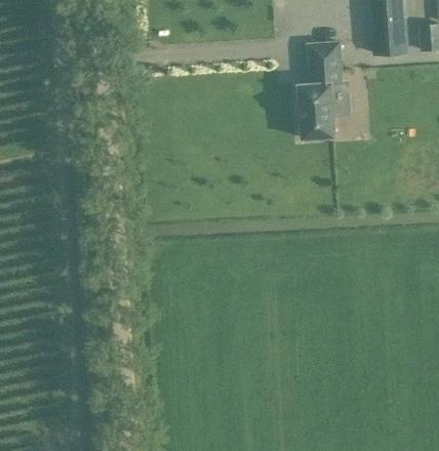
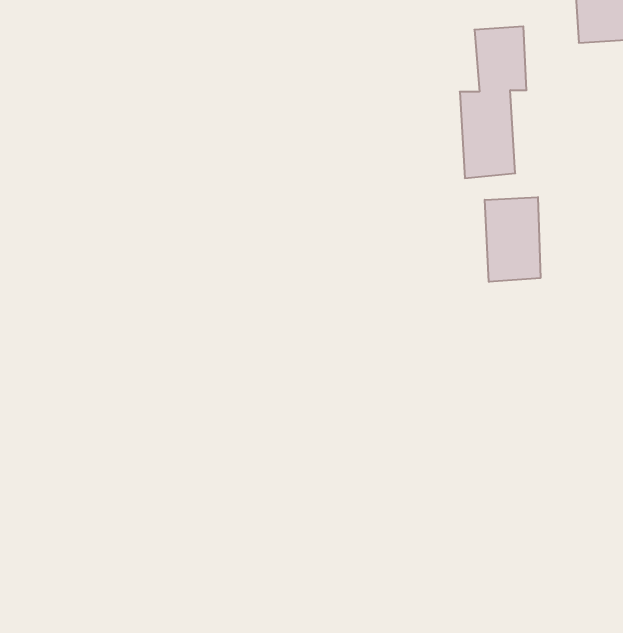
building: none -> [485,197,540,282]

